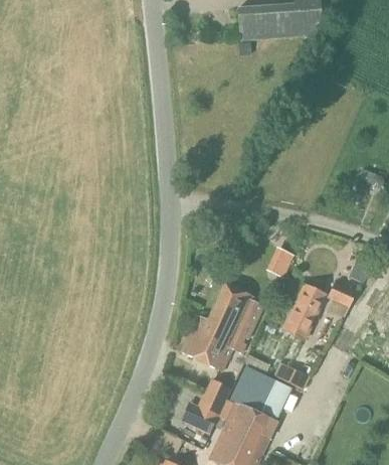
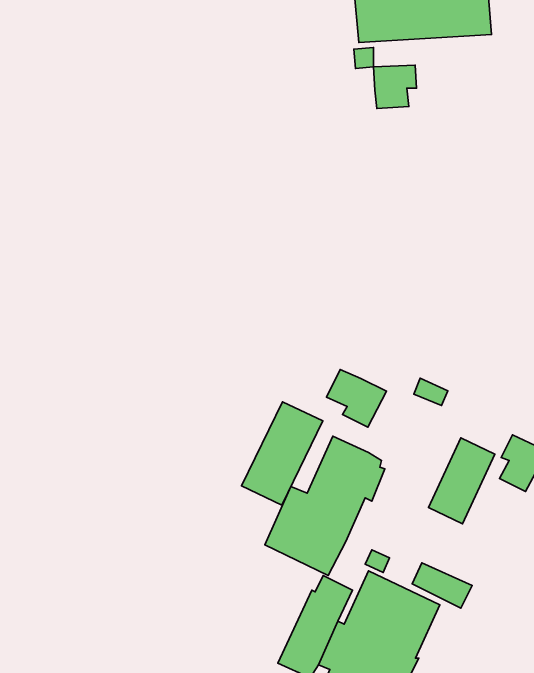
building: none -> [373,65,416,109]
building: none -> [327,369,386,427]
building: none -> [241,402,323,505]

